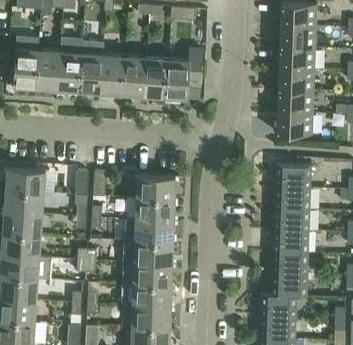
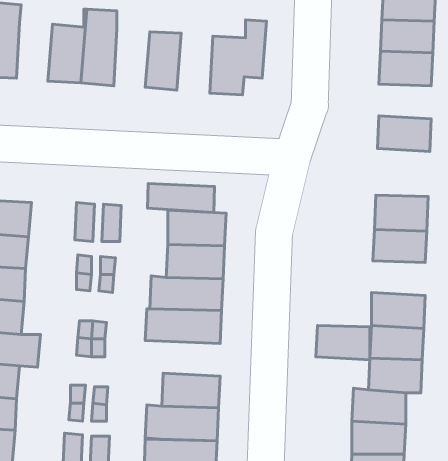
building: [36,49,60,88] -> none
building: [101,53,125,92] -> none
building: [143,56,167,96] -> none
building: [278,90,313,113] -> none
building: none -> [148,183,215,212]
building: [273,208,309,231] -> [316,325,370,360]
building: [122,261,172,285] -> none

